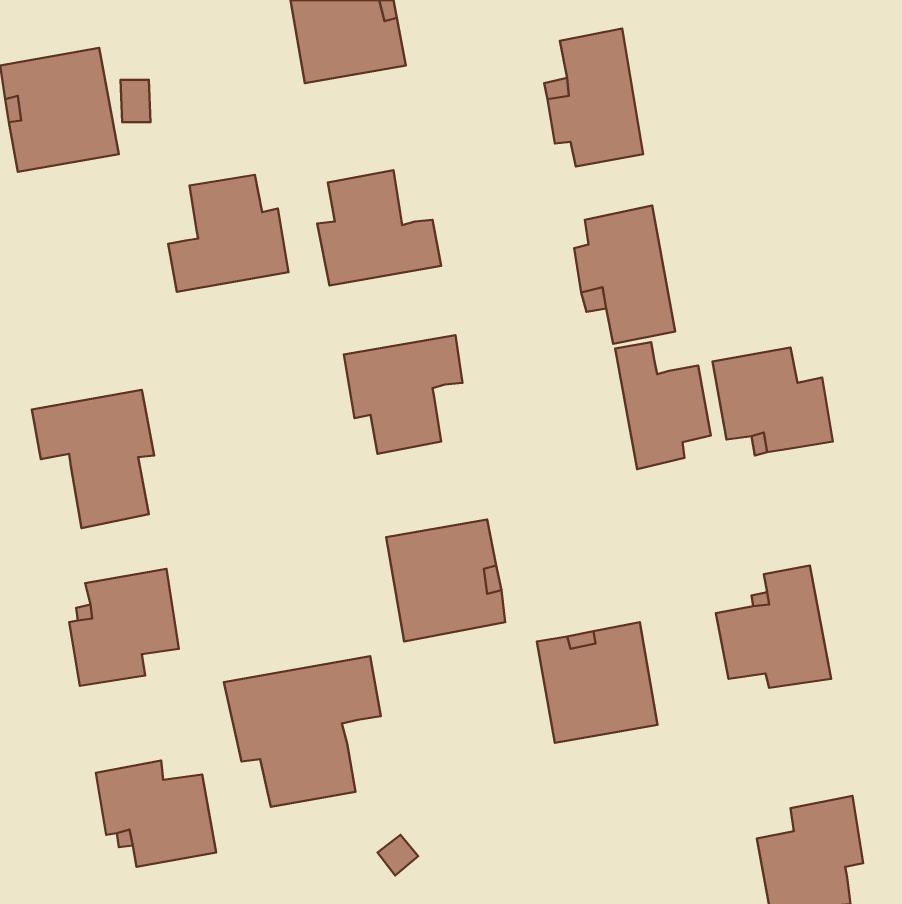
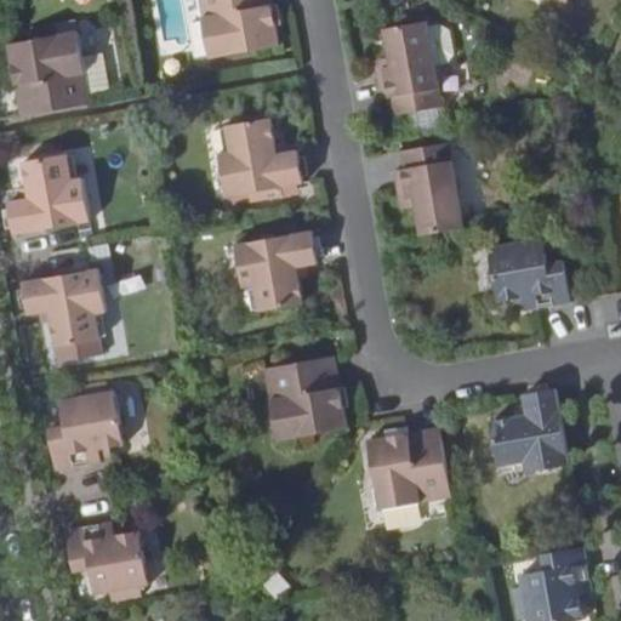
building: [168,175,289,292] -> [6,154,89,234]
building: [615,342,711,469] -> none
building: [224,656,381,807] -> none

